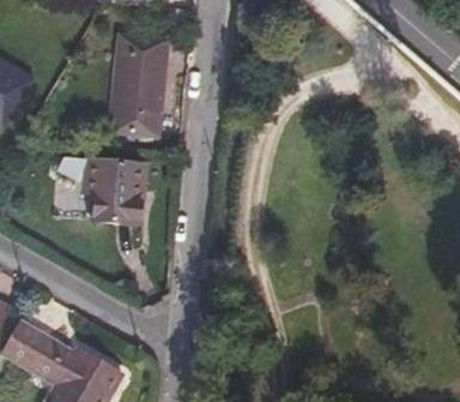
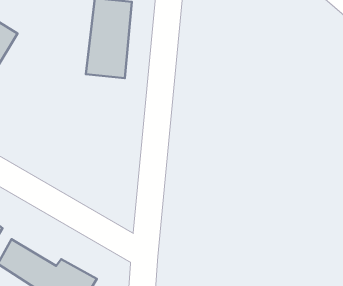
building: [85,157,144,222] -> none

